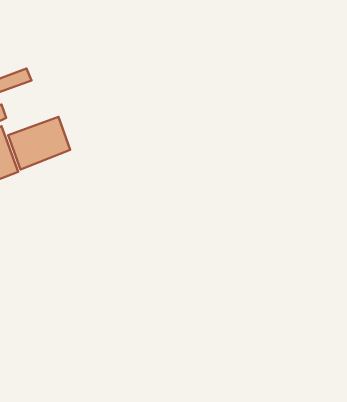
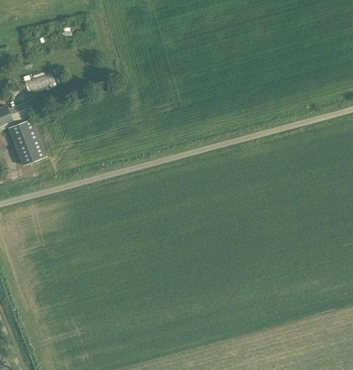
building: [8,117,70,170] -> none

